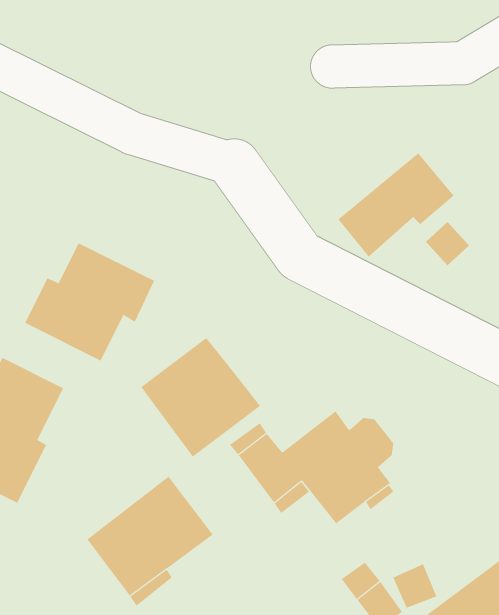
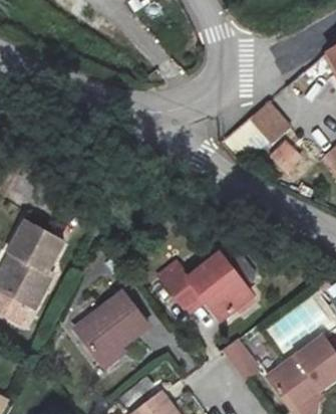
building: [24,242,155,361] -> none
building: [140,337,261,457] -> none

